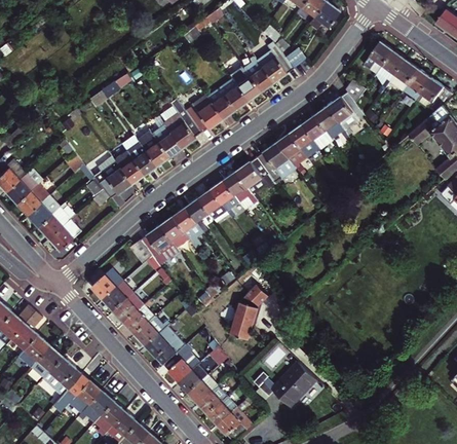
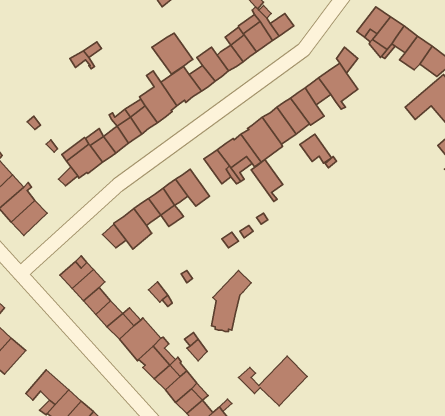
building: none -> [152,33,193,74]
building: none -> [300,134,332,163]
building: [212,181,240,219] -> [251,160,283,201]
building: [42,356,80,395] -> none

